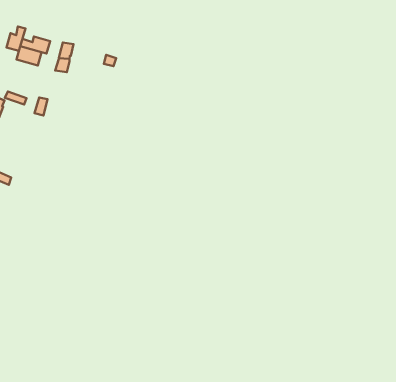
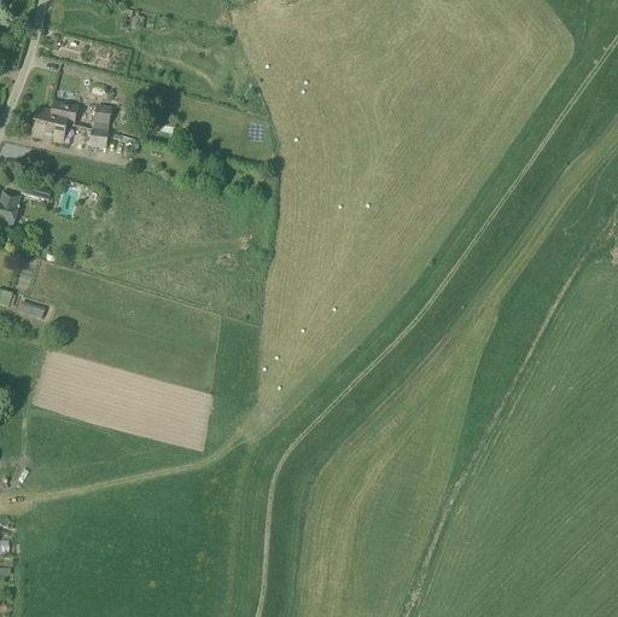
building: [7,26,25,51] -> none

